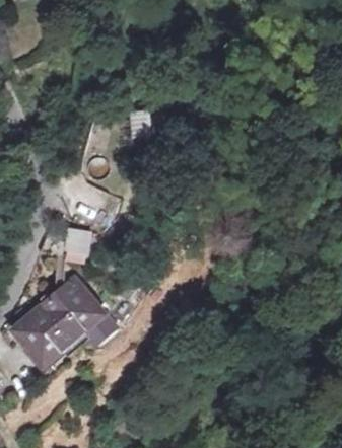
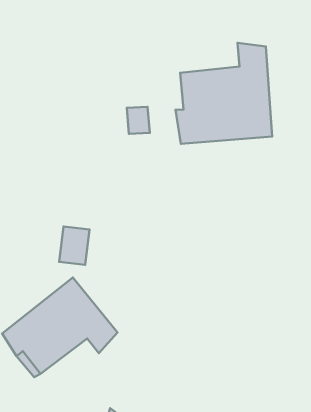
building: none -> [175,43,272,144]

